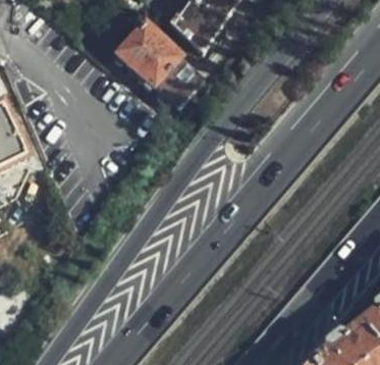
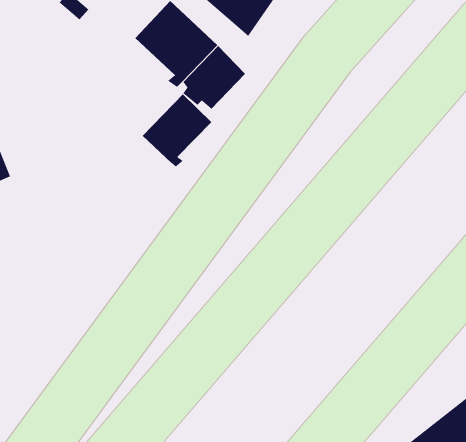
building: none -> [142,93,212,168]

